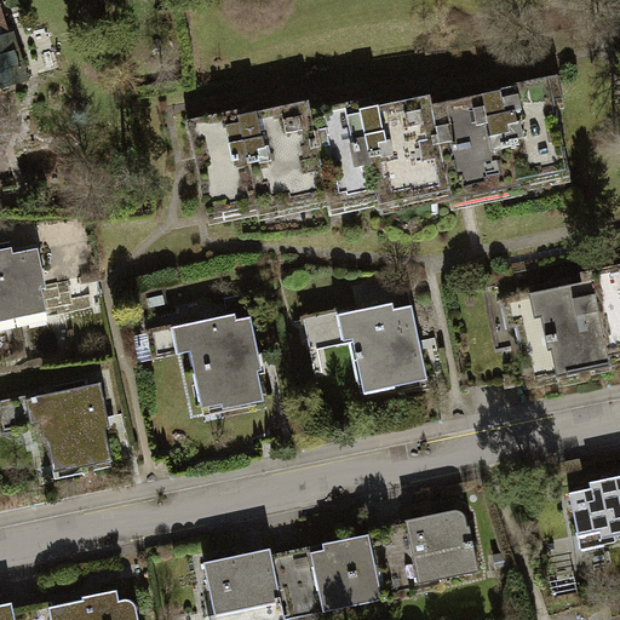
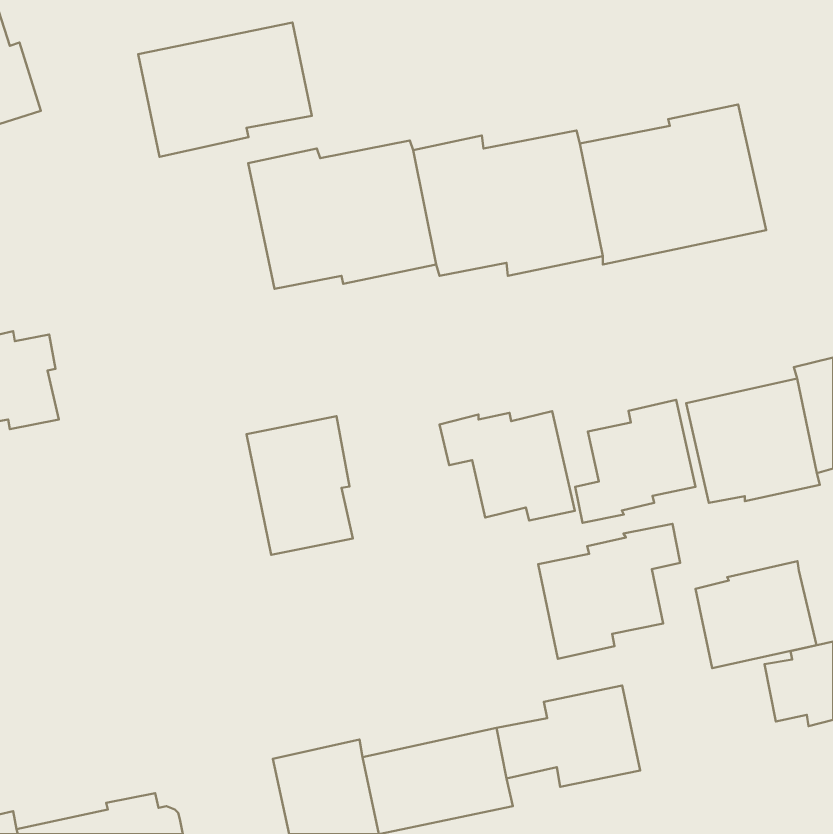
building: none -> [138,23,312,157]
building: none -> [575,400,695,523]
building: [29,381,110,466] -> none
building: none -> [538,524,680,659]
building: none -> [696,561,817,668]

